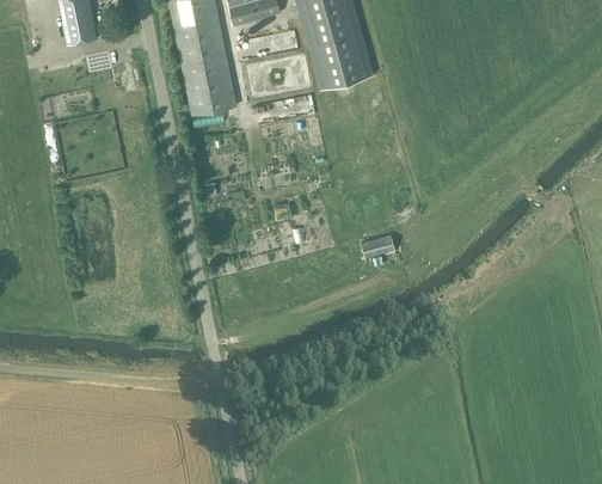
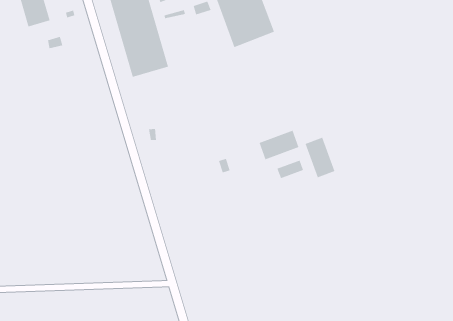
building: none -> [259,130,299,160]
building: none -> [305,137,335,178]

